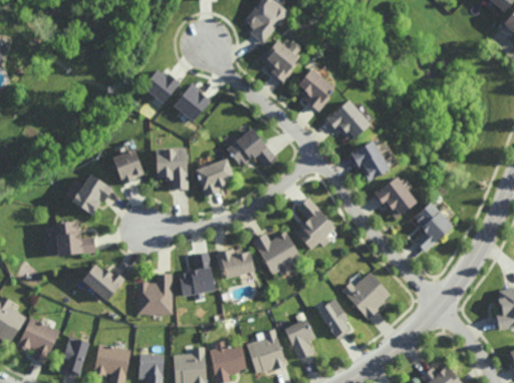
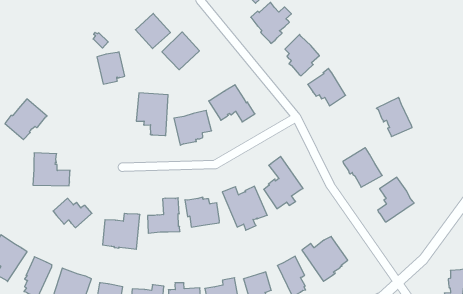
building: [347,141,387,182] -> [376,97,412,137]
building: [110,152,142,187] -> [97,52,125,84]
building: [71,176,113,219] -> [5,99,47,140]

